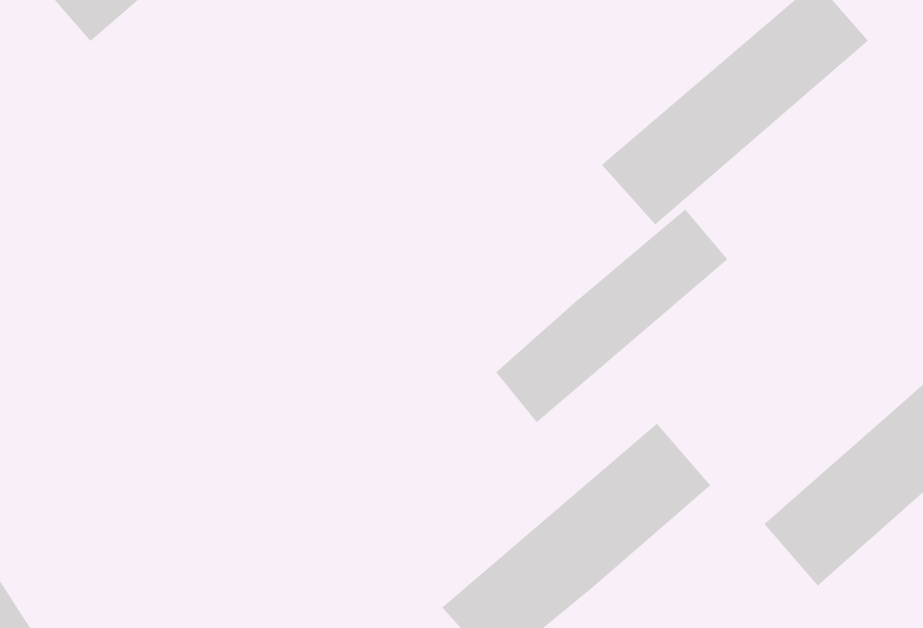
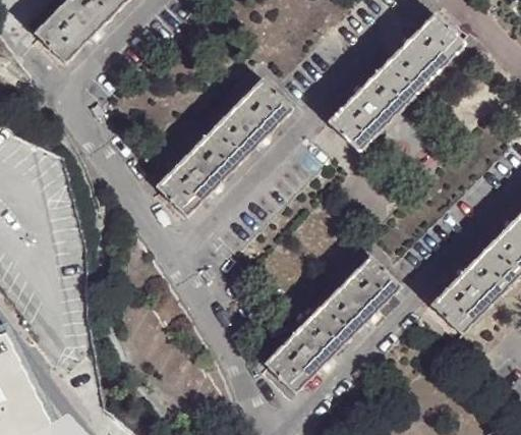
building: none -> [156,78,293,216]
building: [496,208,728,423] -> none

